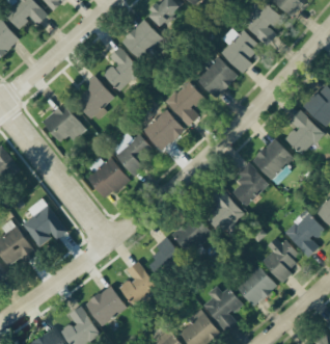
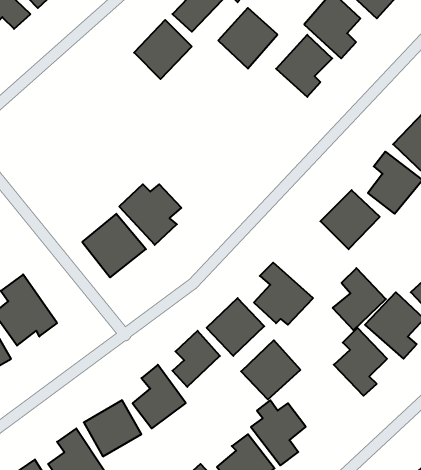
building: [104,48,141,91] -> none
building: [196,56,238,99] -> [218,8,277,69]
building: [73,77,114,123] -> none
building: [166,81,204,126] -> none
building: [43,103,87,142] -> none
building: [143,109,185,151] -> none
building: [231,162,269,206] -> [333,268,386,330]
building: [236,265,277,307] -> [241,340,300,399]

